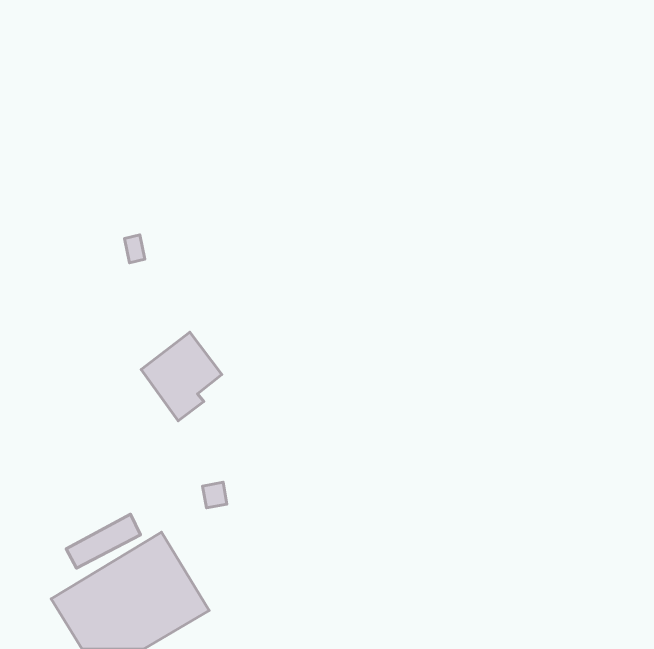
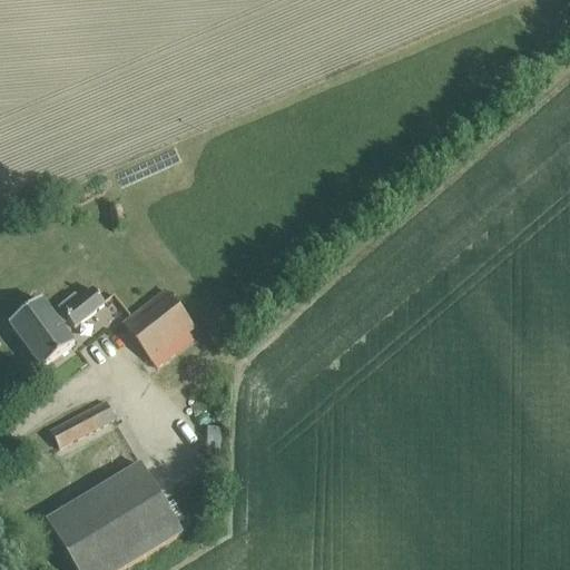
building: none -> [9,286,105,366]
building: [66,514,141,568] -> [50,400,115,446]

